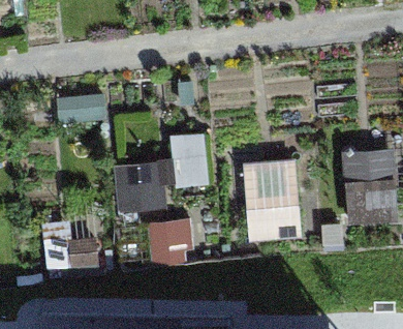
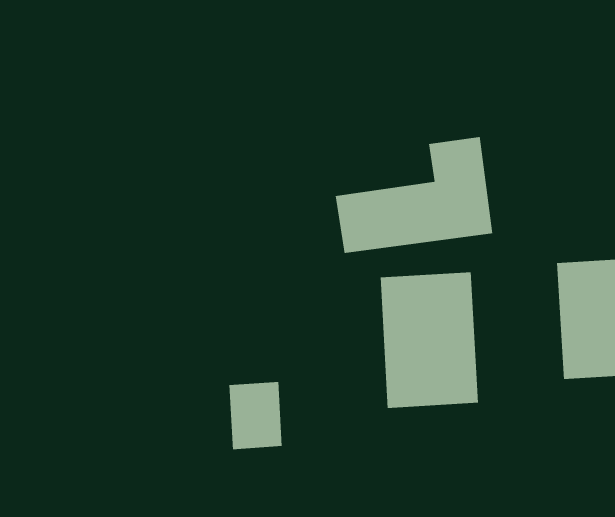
building: [118,134,209,202] -> [335,137,493,253]

